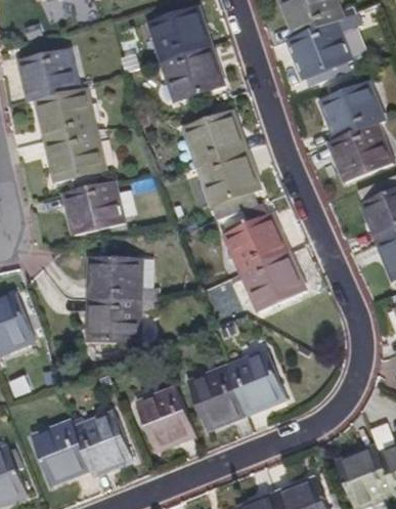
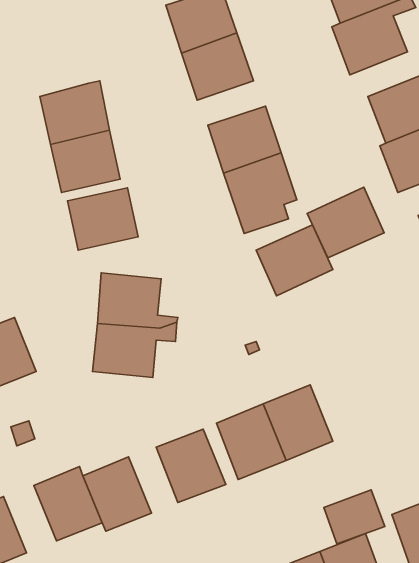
building: [21,51,80,104] -> none
building: [239,250,305,310] -> [307,187,384,258]
building: none -> [324,490,385,544]

